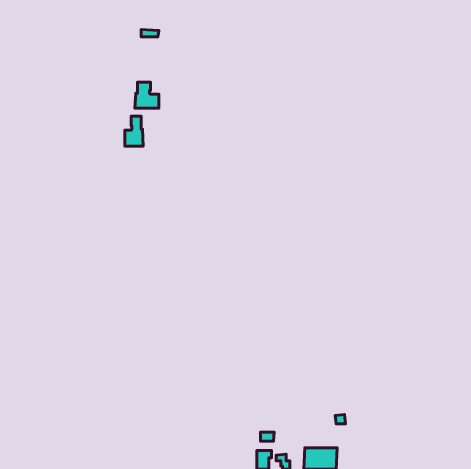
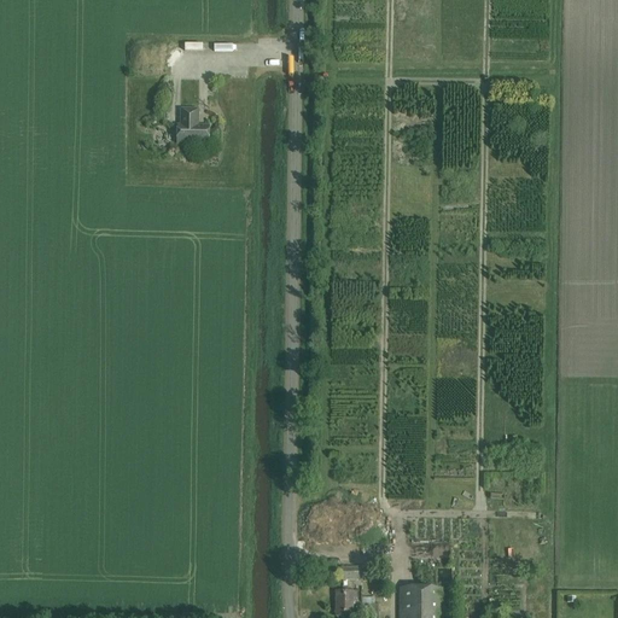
building: [125,116,143,146] -> none

